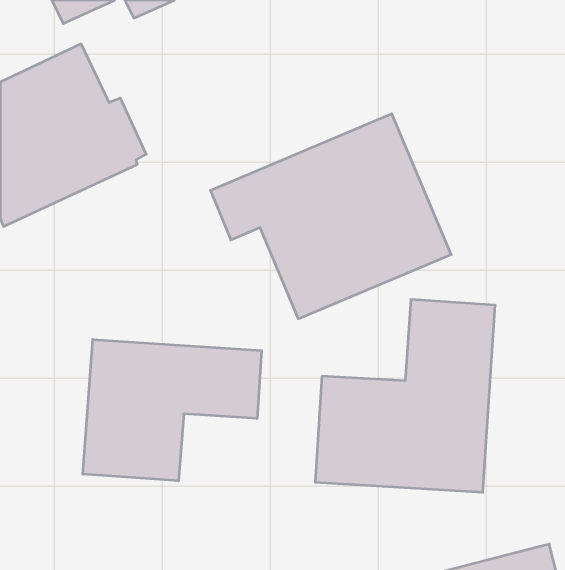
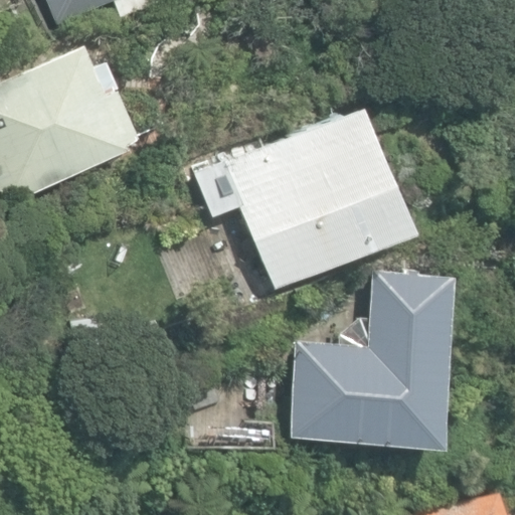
building: [83,339,262,481] -> none

